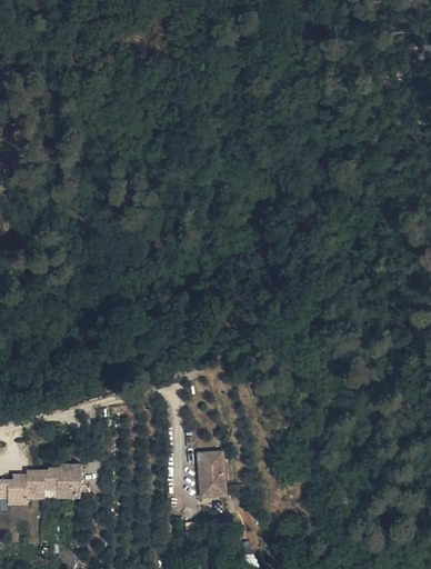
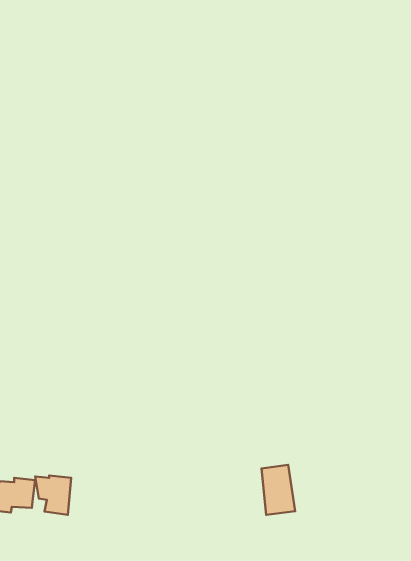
building: [193,452,225,500] -> [261,465,295,515]

